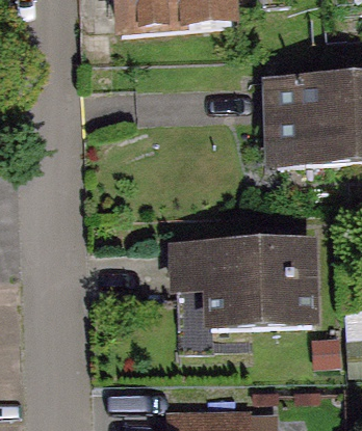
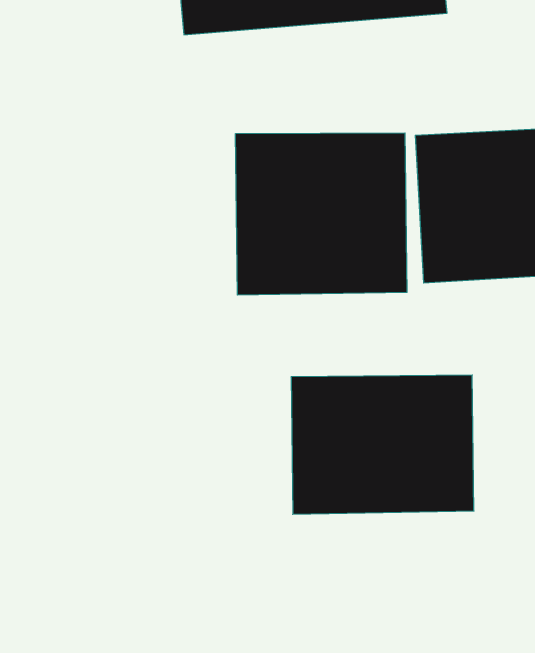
building: none -> [236,133,407,295]

